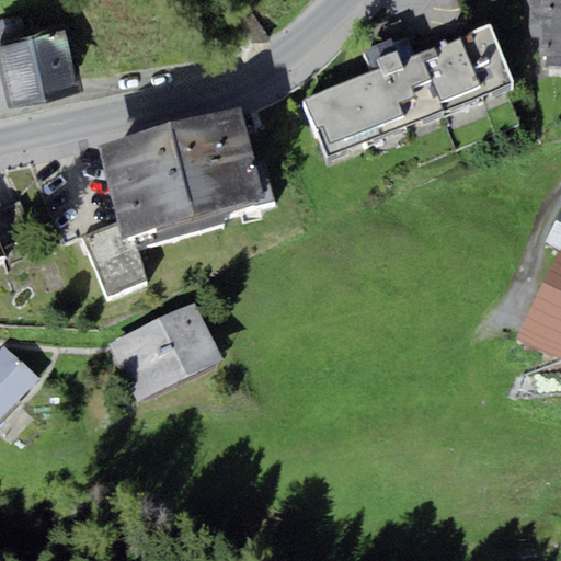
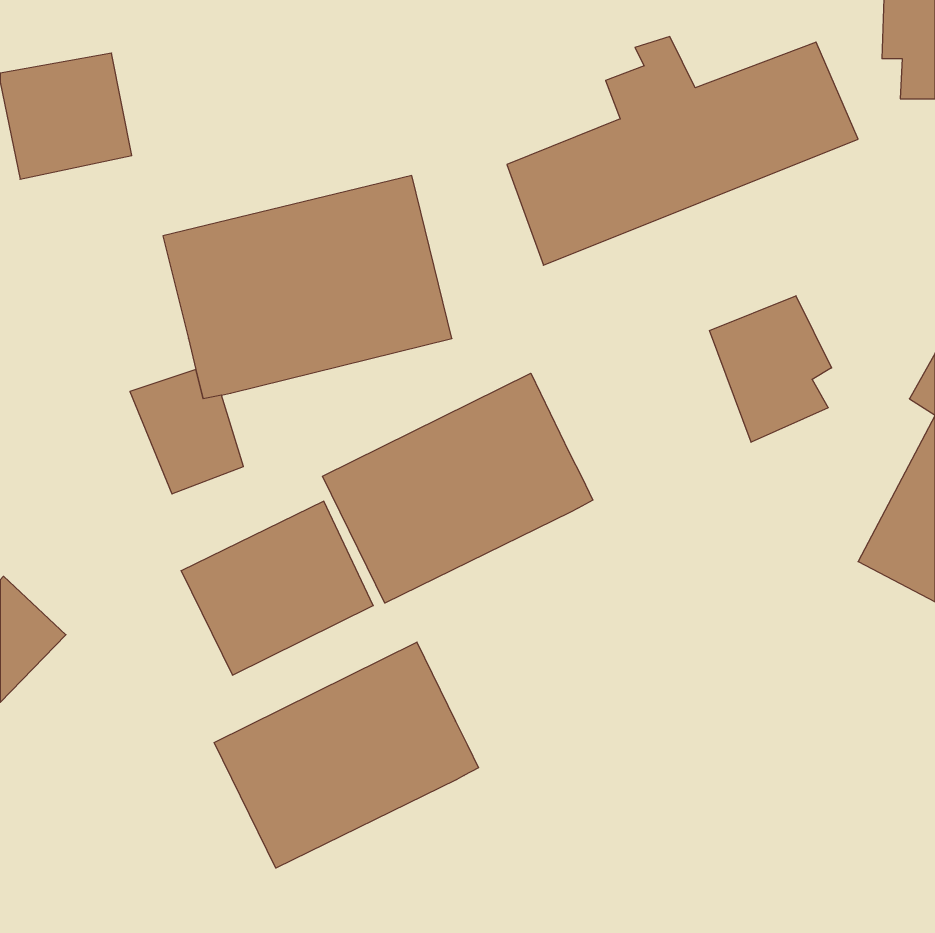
building: none -> [709,296,832,442]
building: none -> [323,373,593,603]
building: none -> [214,642,478,868]

